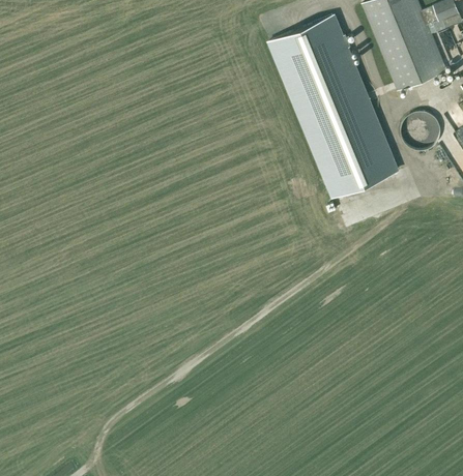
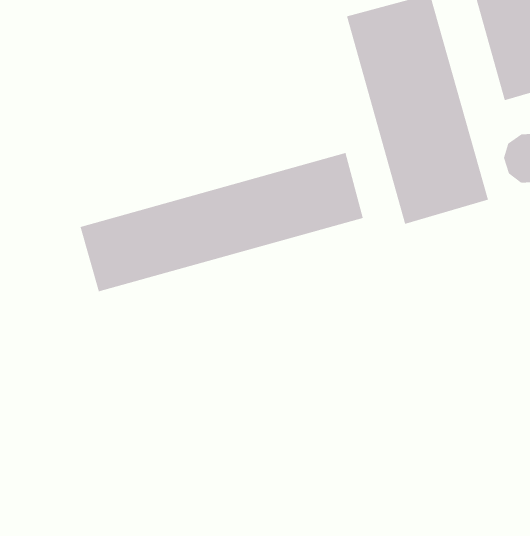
building: none -> [80,152,363,292]

